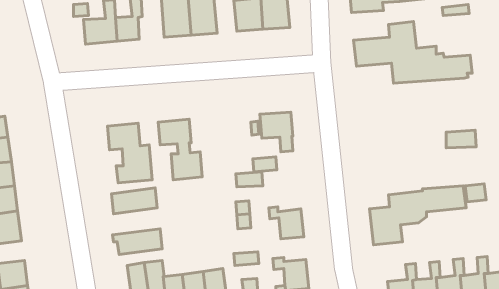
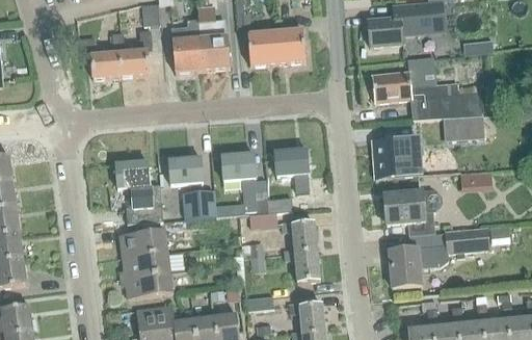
building: none -> [442,115,484,137]
building: none -> [373,138,422,178]
building: none -> [221,153,256,211]
building: none -> [382,189,443,235]
building: none -> [281,219,317,254]
building: none -> [119,250,170,278]

